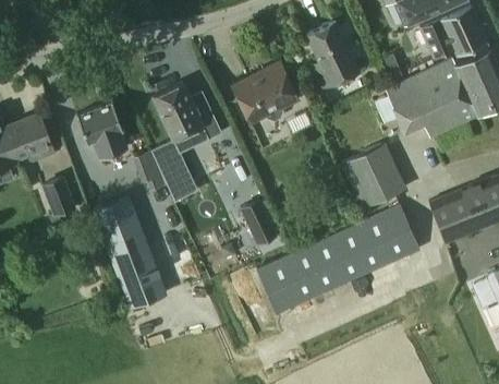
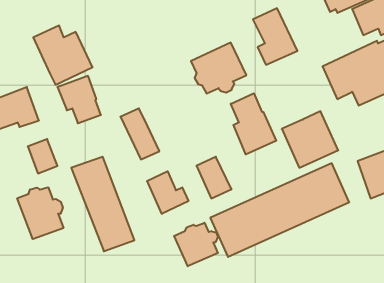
building: [153,83,222,153] -> [33,25,93,85]
building: none -> [231,93,276,154]
building: none -> [147,171,188,214]
building: none -> [17,187,63,239]
building: none -> [174,223,218,266]

